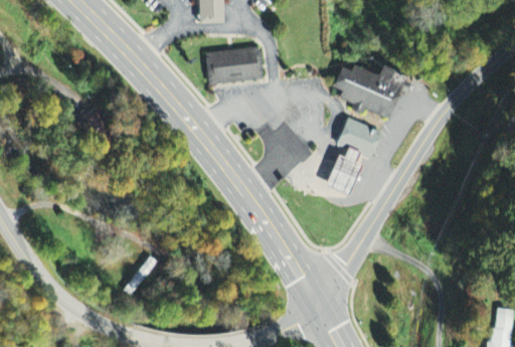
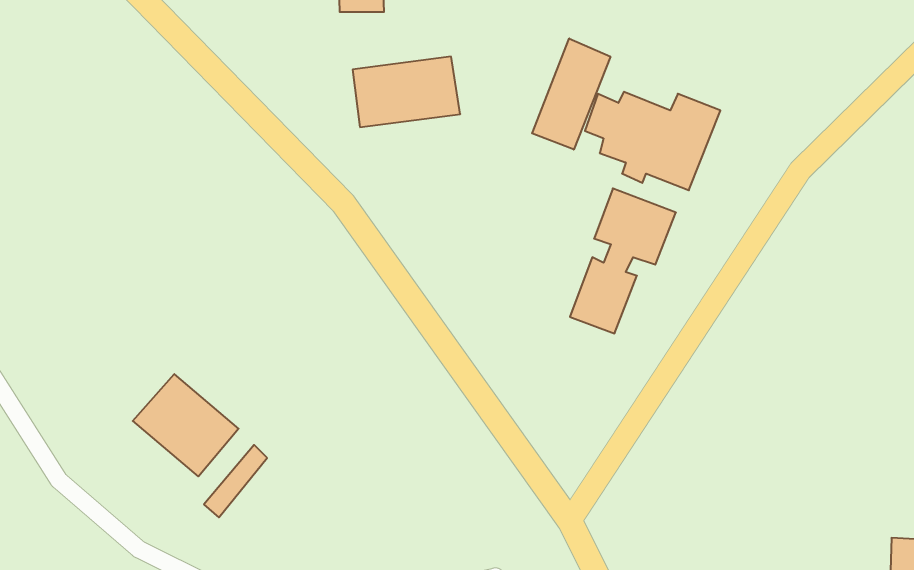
building: none -> [532,38,610,150]
building: none -> [133,374,239,476]

